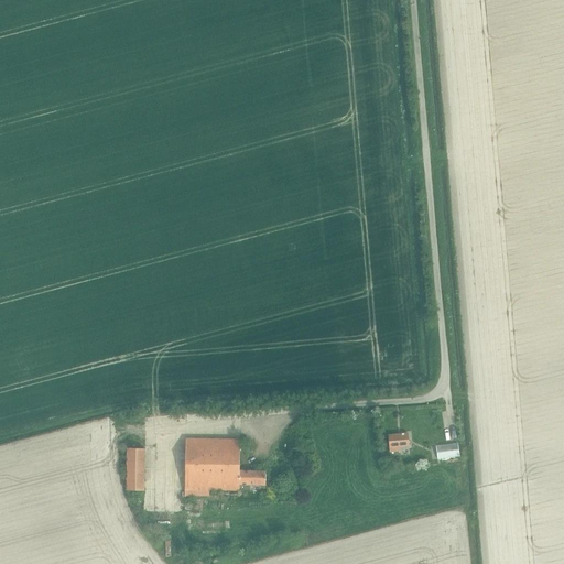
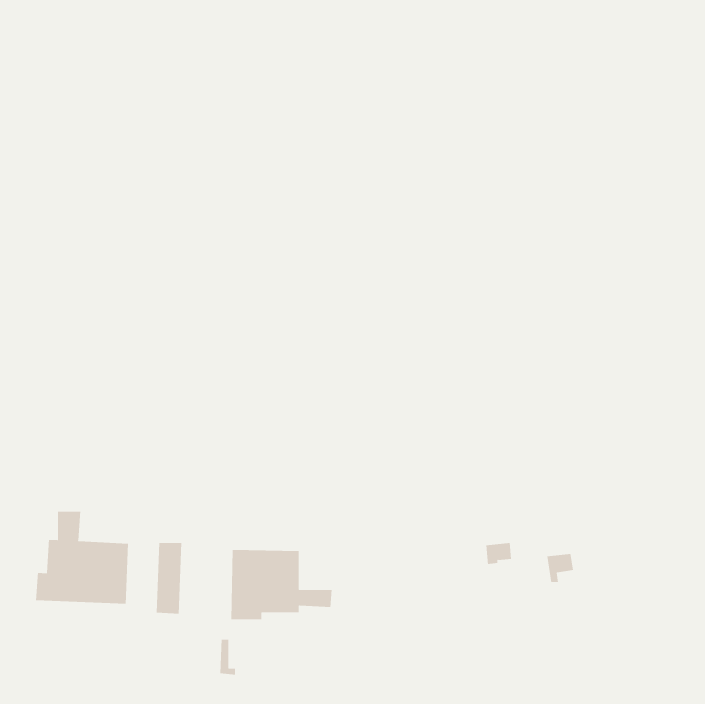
building: none -> [36,511,128,604]

